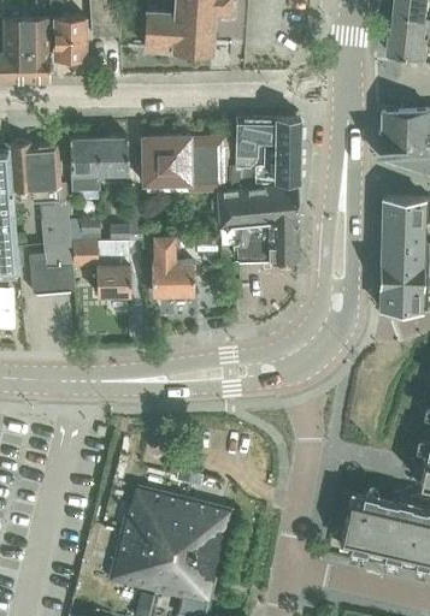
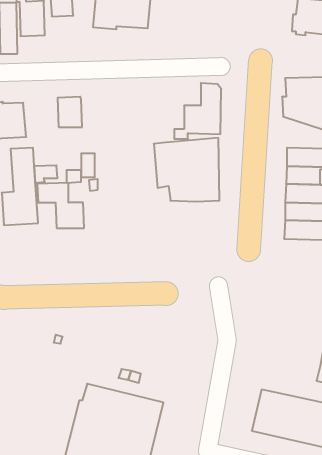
building: [230,118,276,190] -> none
building: [139,135,225,192] -> none
building: [72,137,102,191] -> none
building: [153,236,195,296] -> none

